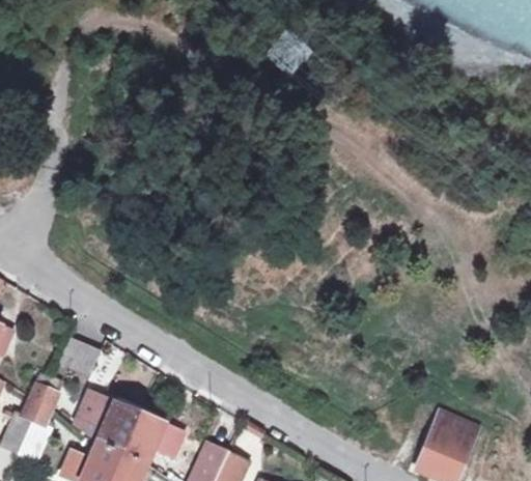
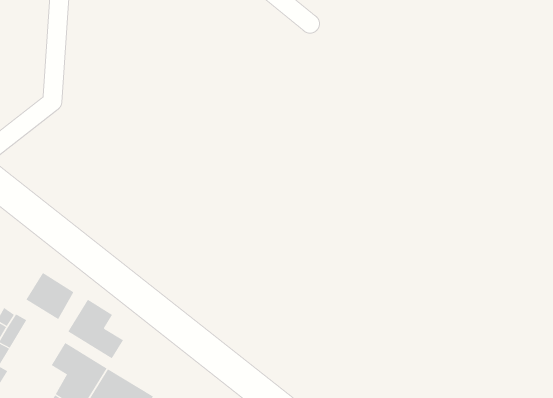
building: none -> [68,299,124,359]

